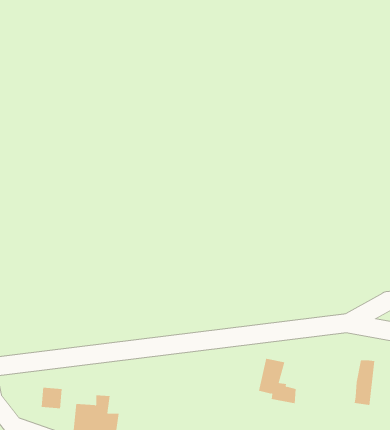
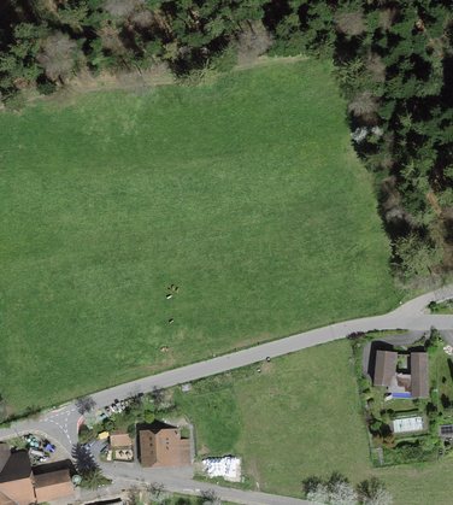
building: [258,358,296,404] -> [373,352,411,392]

